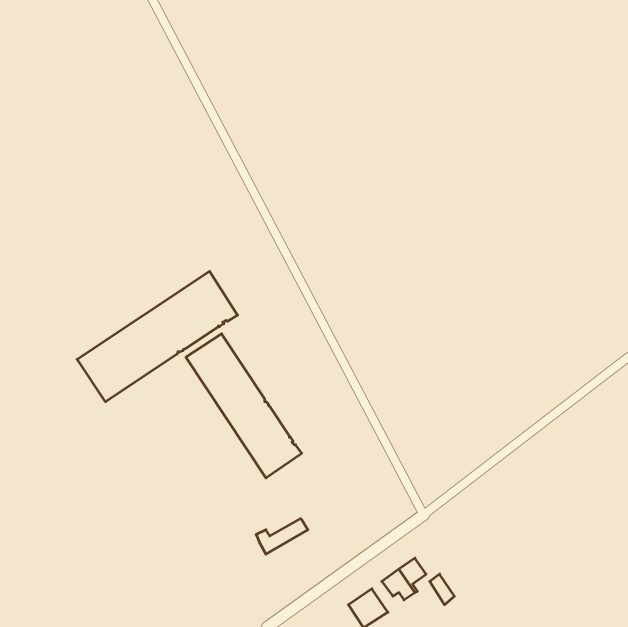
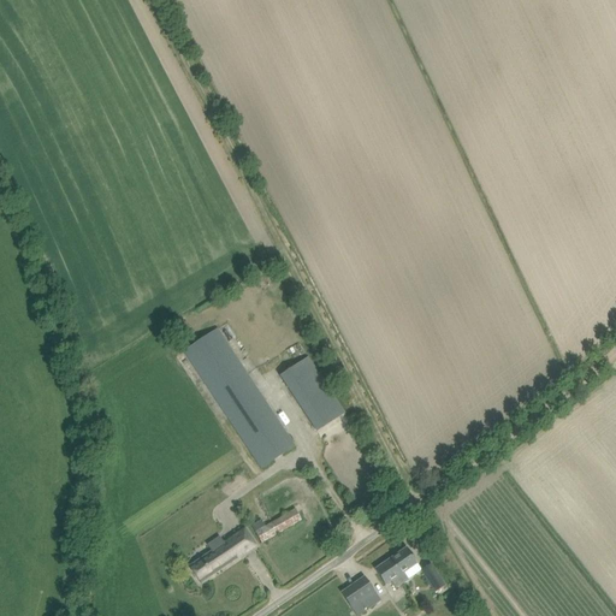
building: [77,271,238,402] -> none
building: none -> [278,355,344,430]
building: none -> [189,527,254,580]

